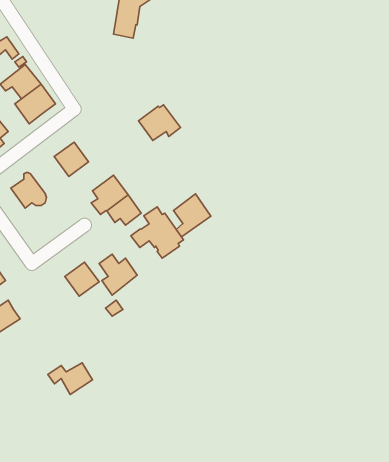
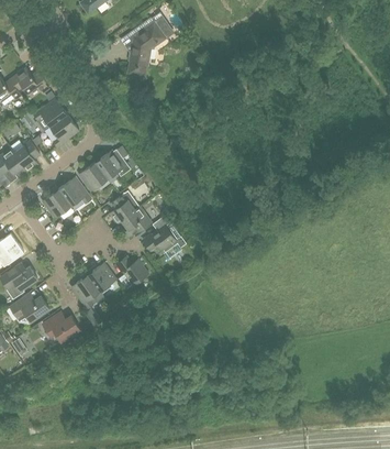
building: [138,105,181,141] -> [94,149,130,178]
building: none -> [58,176,91,205]
building: [173,194,211,237] -> none
building: none -> [70,274,99,308]
building: [48,363,93,394] -> [42,314,79,340]

